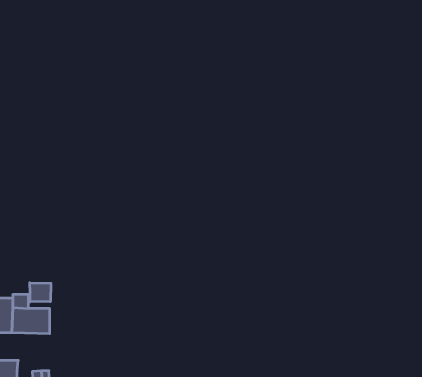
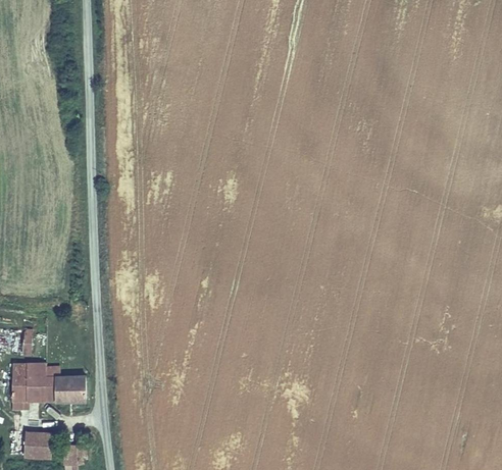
building: [30,283,51,302] -> none

